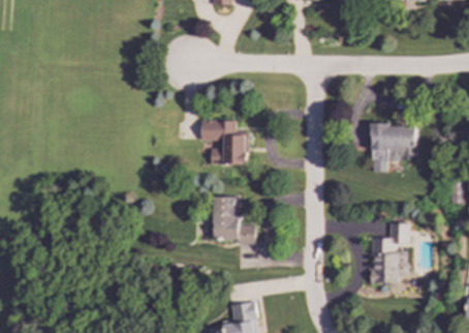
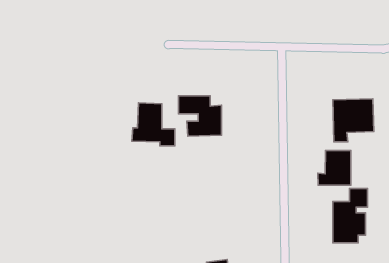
building: none -> [318,150,351,185]
building: [207,195,254,243] -> [132,103,175,146]

